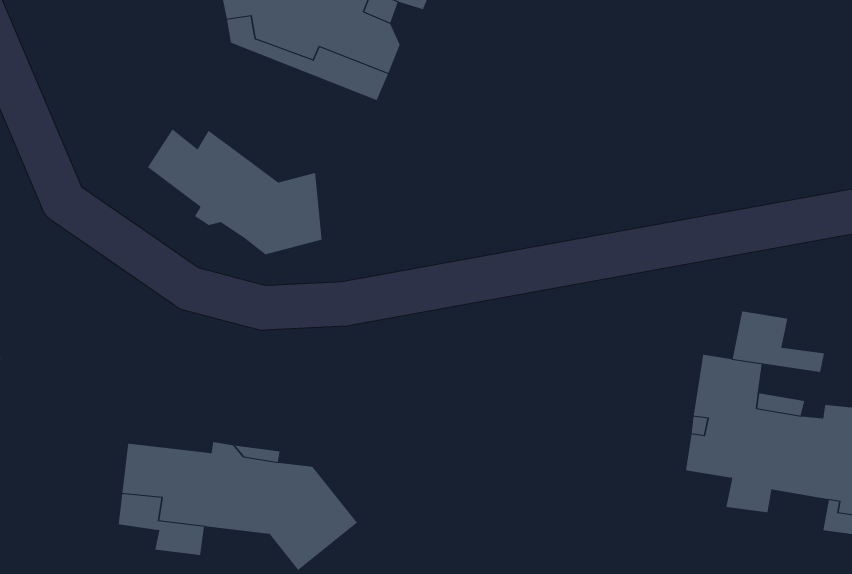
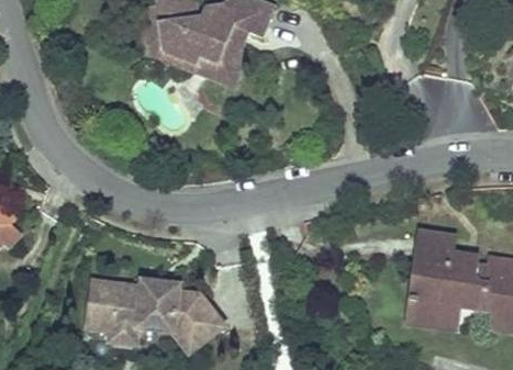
building: [147,128,322,255] -> none
building: [732,311,825,373] -> [404,295,457,330]

